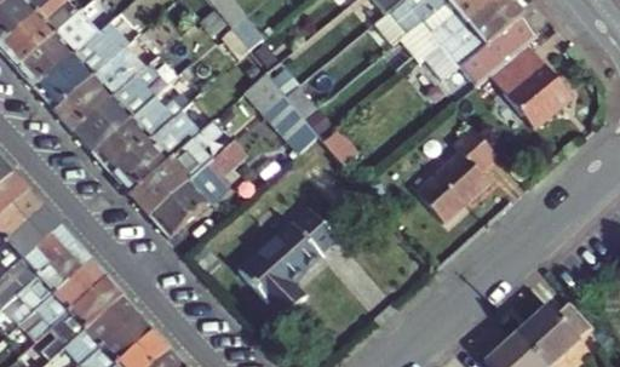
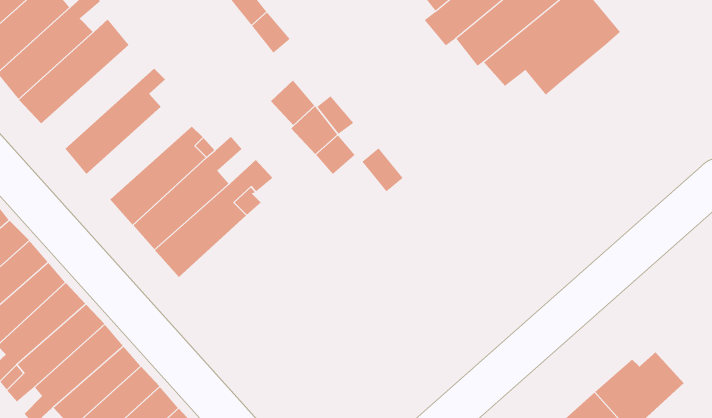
building: [54,38,154,130] -> none
building: [489,42,570,126] -> none
building: [92,94,184,172] -> none
building: [417,126,495,222] -> none
building: [234,210,339,319] -> none

